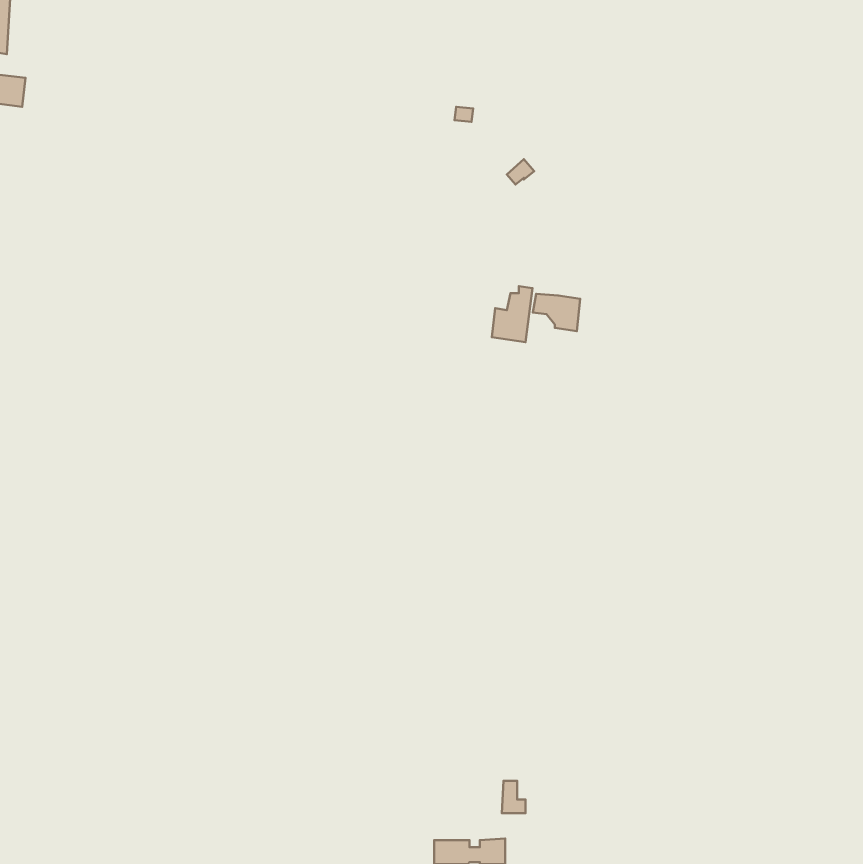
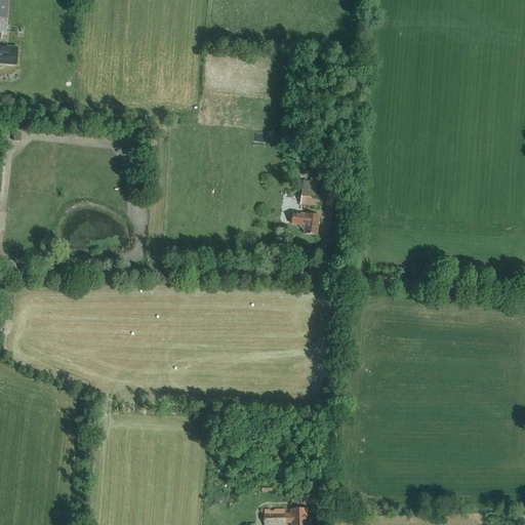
building: [533,294,580,331] -> [288,212,317,235]

